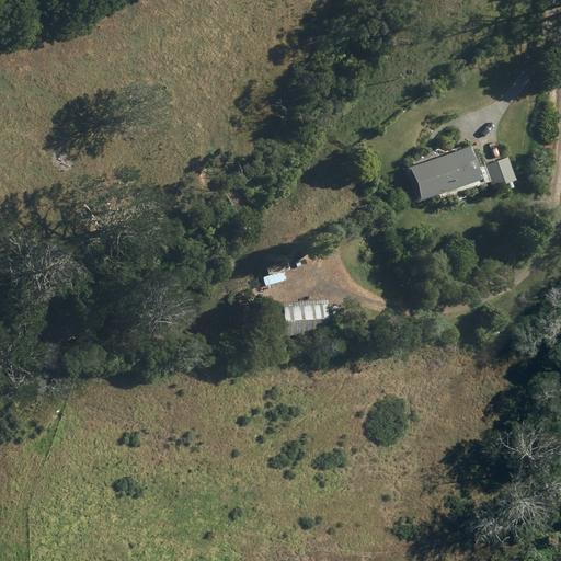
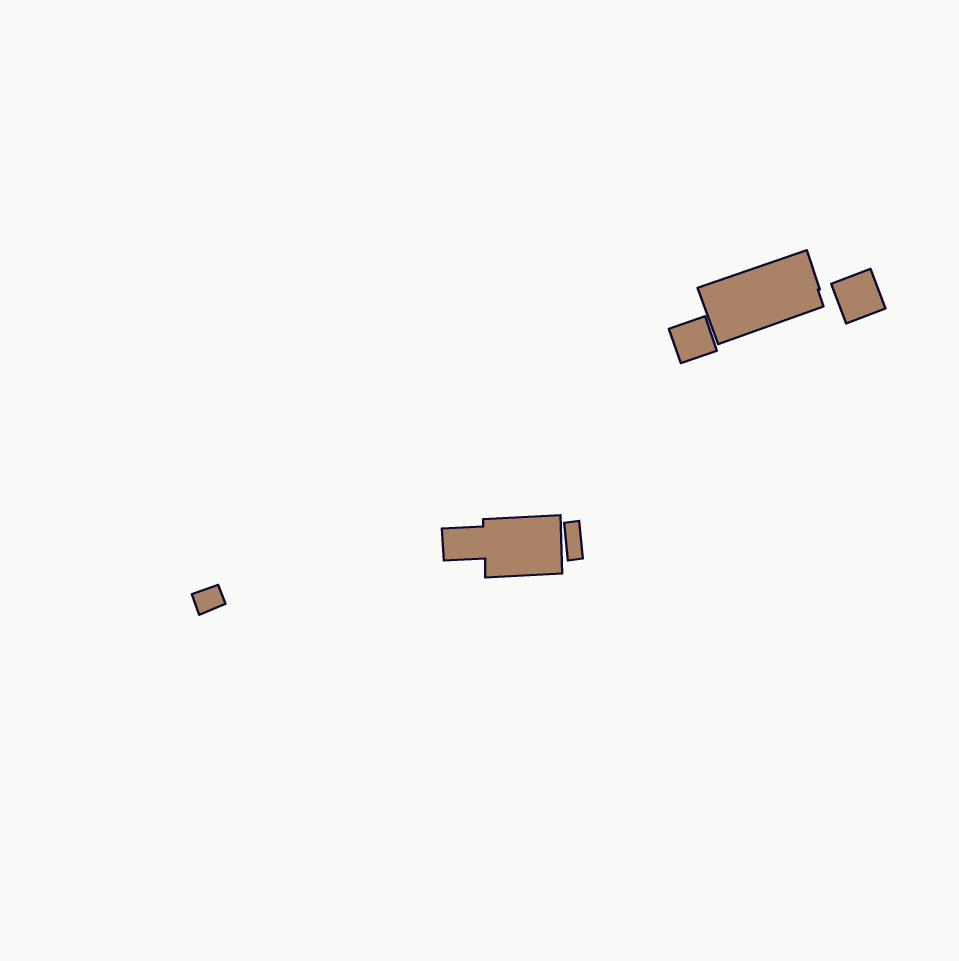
building: none -> [669,316,717,363]

